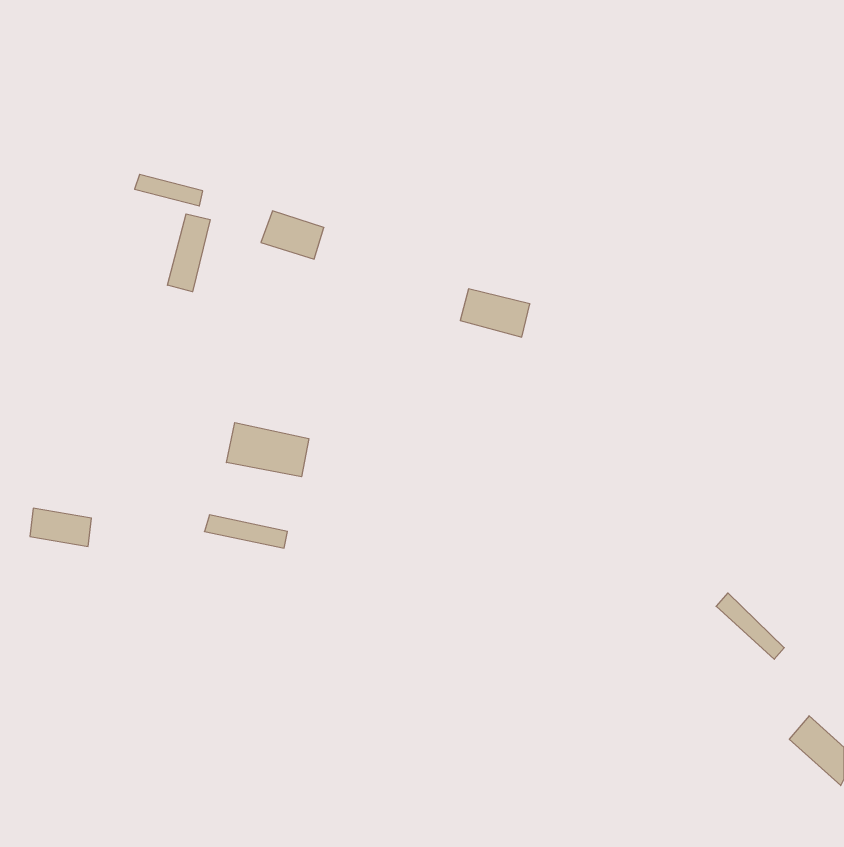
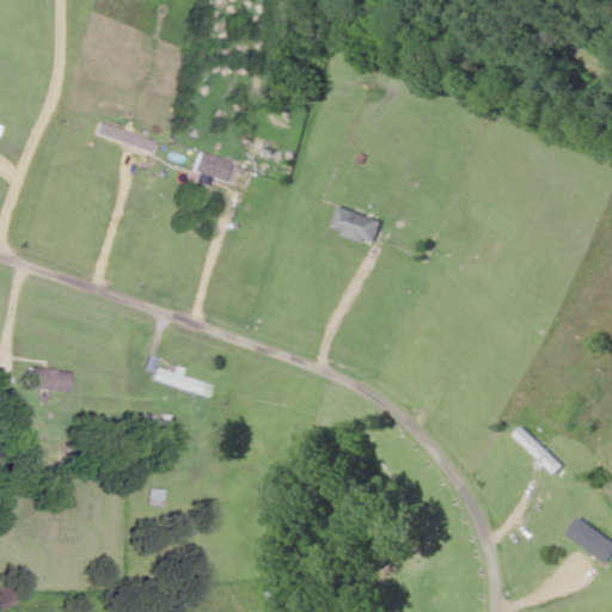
building: [167,214,210,292] -> none
building: [226,423,309,477] -> none

